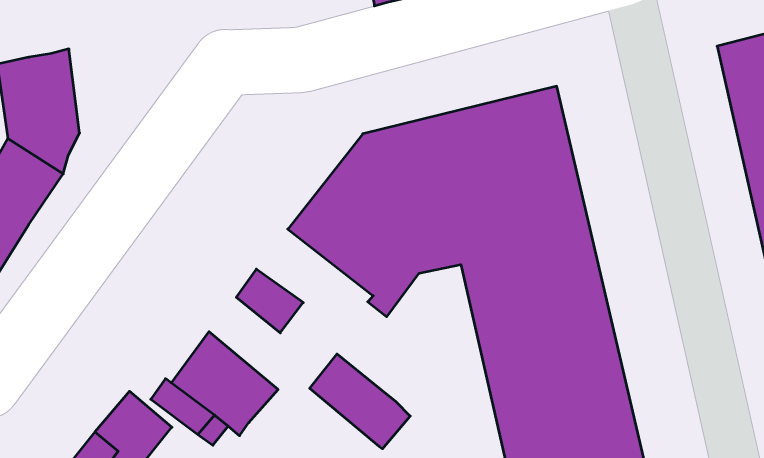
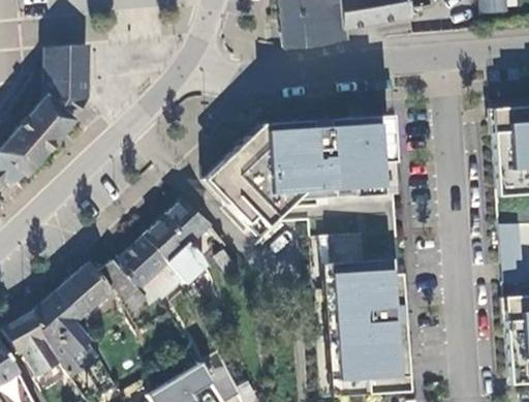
building: [310,354,410,449] -> [147,216,207,280]

